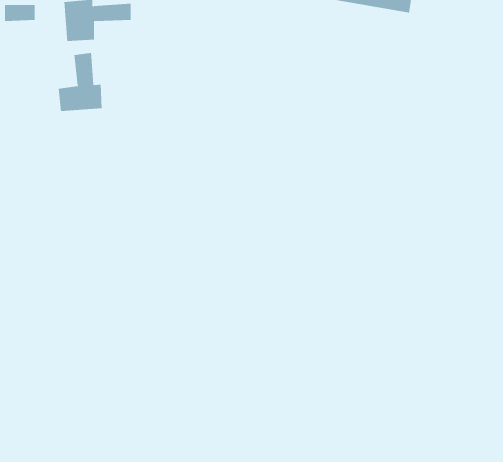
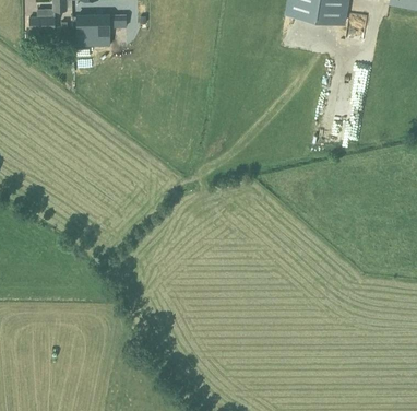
building: [58,52,102,112] -> none

